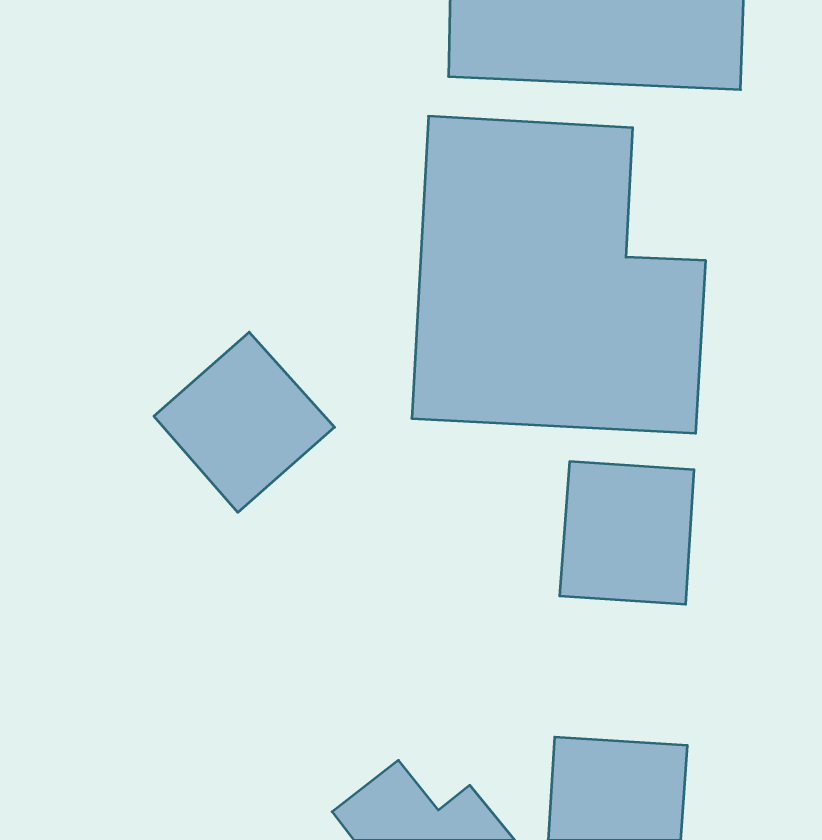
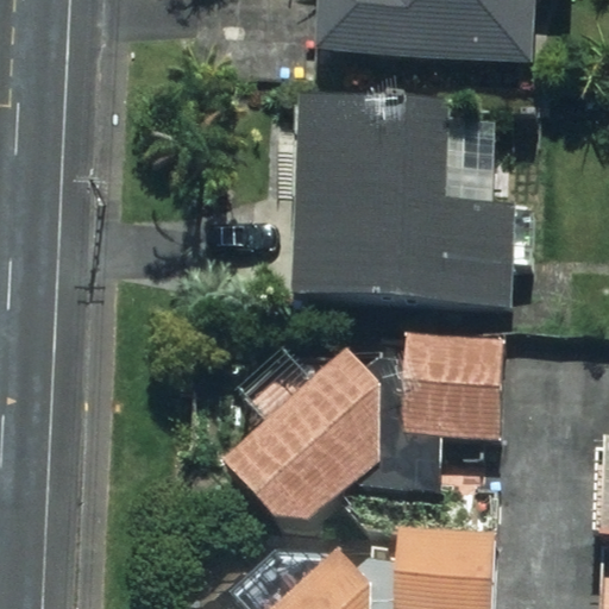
building: [154,332,335,512] -> none
building: none -> [233,350,385,525]

